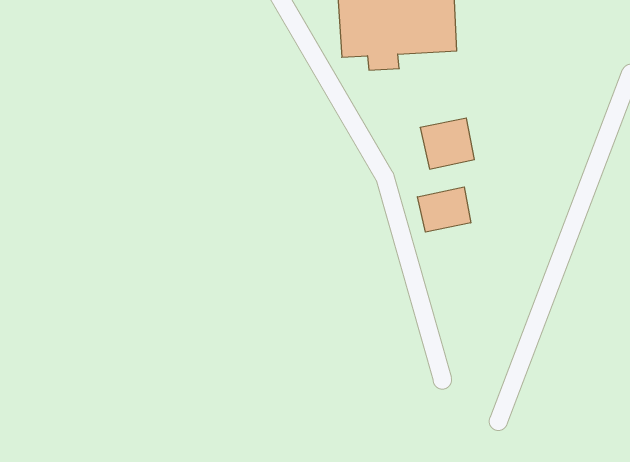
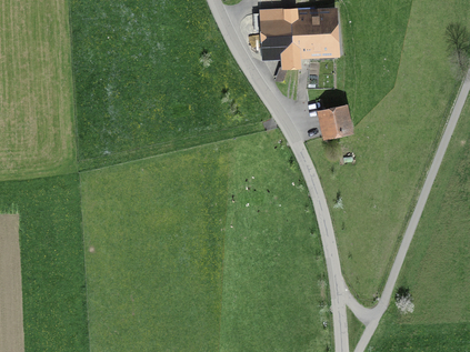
building: [417,187,471,232] -> none

